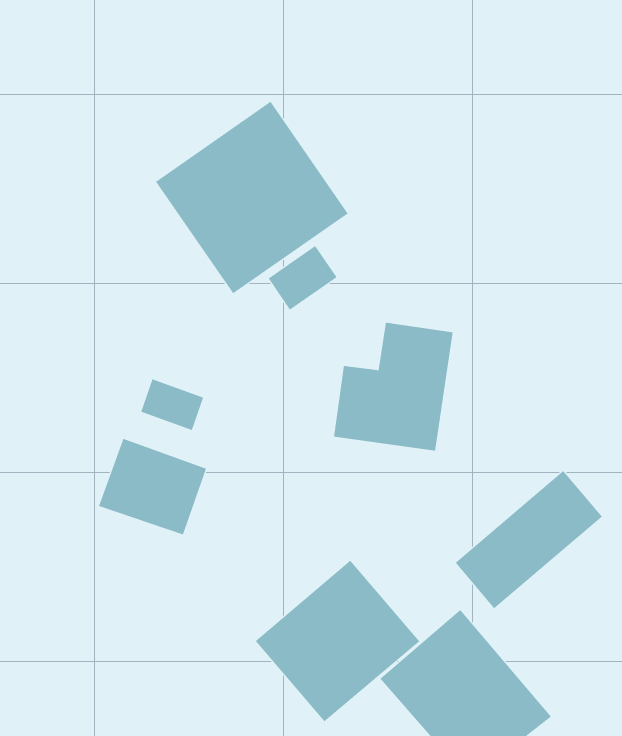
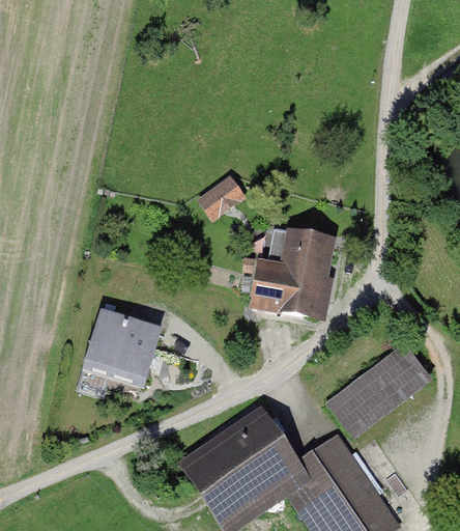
building: [155,101,349,294] -> none
building: [140,378,204,431] -> none

